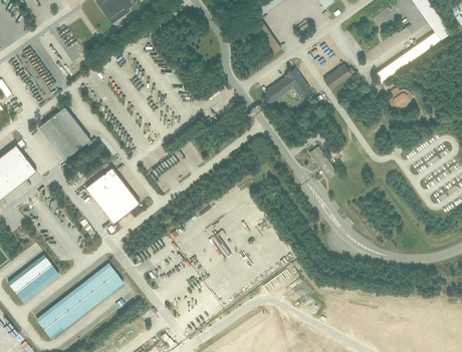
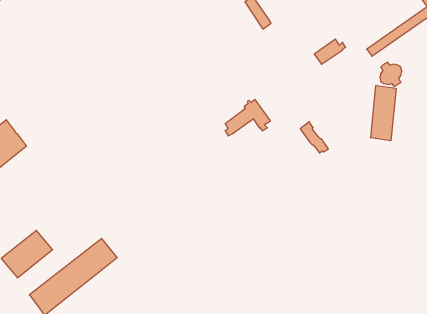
building: [264,68,309,104] -> [225,100,270,136]
building: [37,106,89,159] -> none
building: none -> [371,85,396,141]
building: [84,167,139,224] -> none

